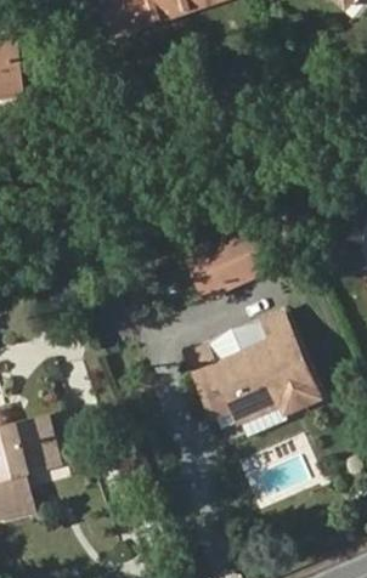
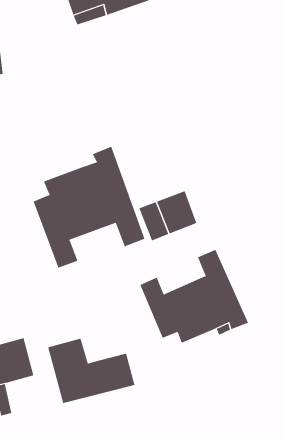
building: none -> [33,146,145,268]
building: none -> [47,338,135,404]

